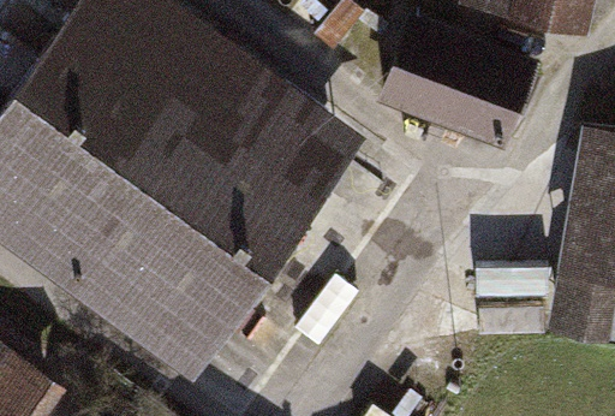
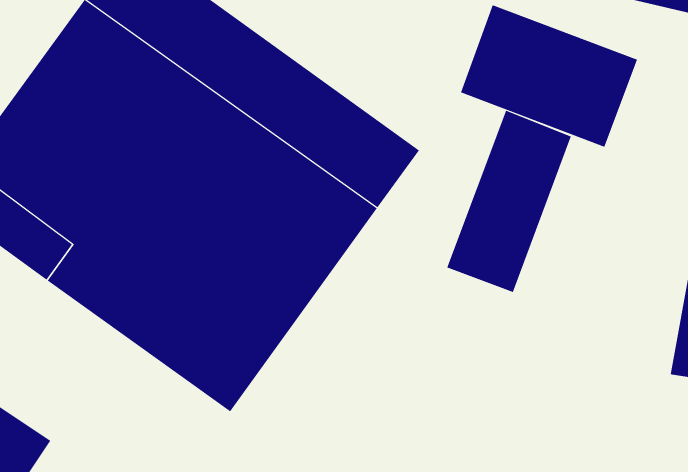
building: none -> [447,110,572,293]

